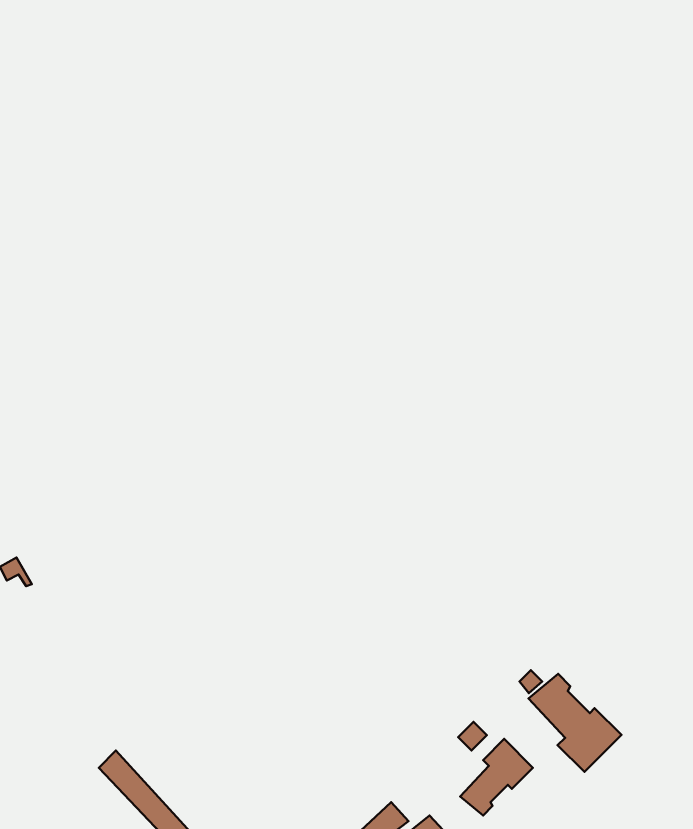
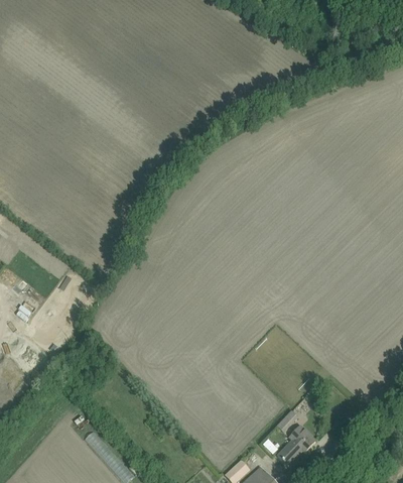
building: [528,674,621,772] -> none

